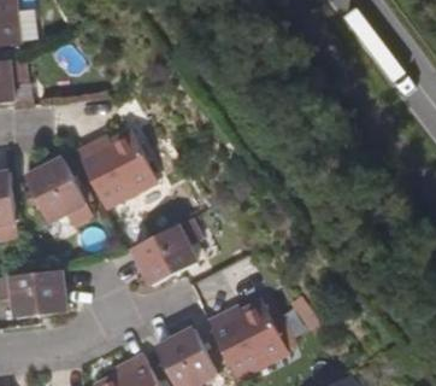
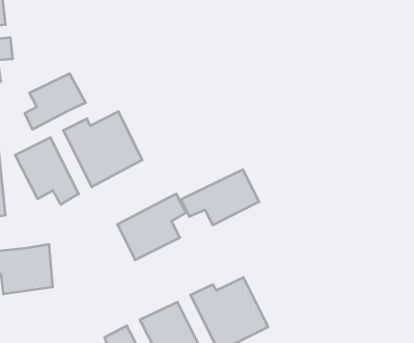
building: none -> [25,74,86,129]
building: none -> [181,170,259,225]

